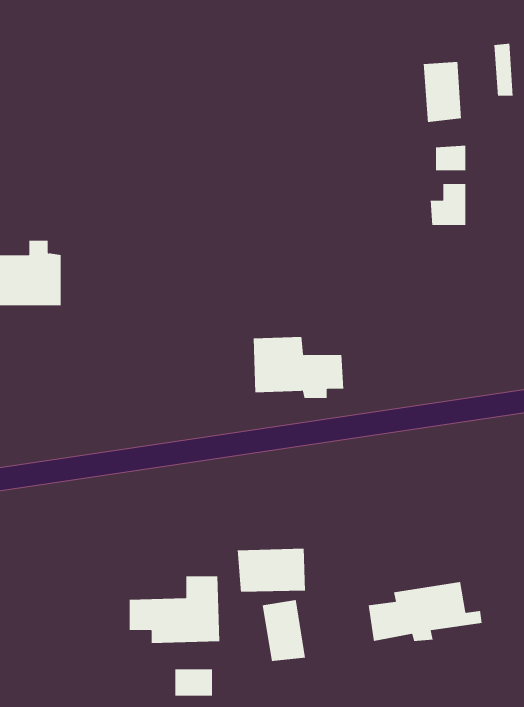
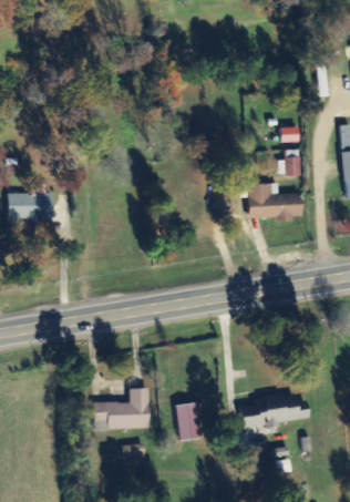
building: [423,61,461,123] -> none
building: [253,336,344,398] -> [247,183,302,221]
building: [237,548,305,592] -> none

